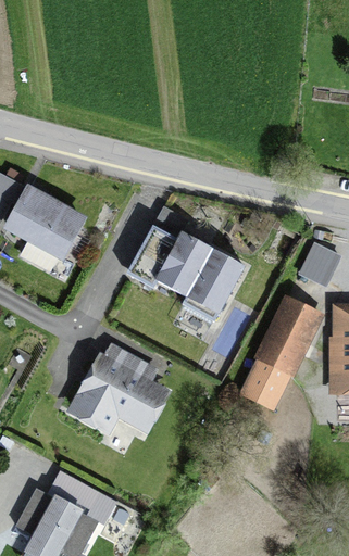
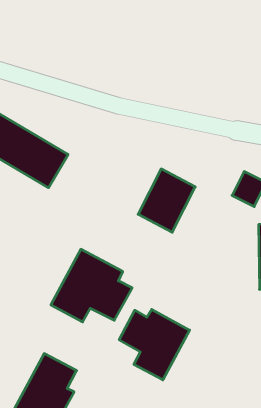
building: [133,216,209,298] -> none
building: [236,296,322,413] -> none
building: none -> [119,309,190,380]

